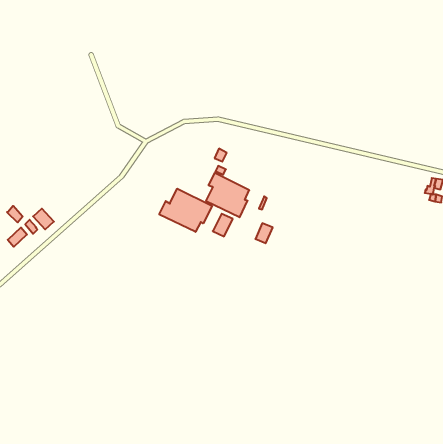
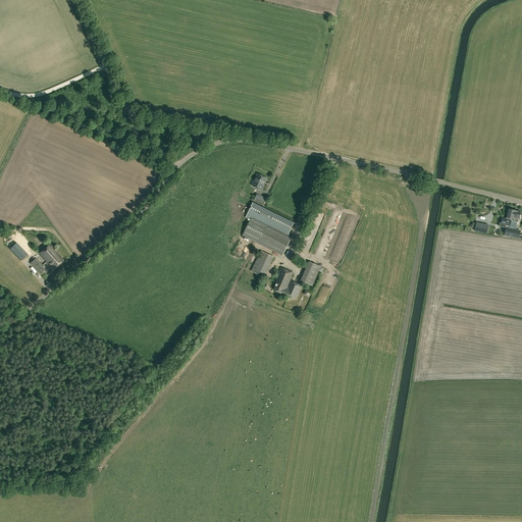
building: [159,189,212,232] -> none
building: none -> [272,268,301,300]

